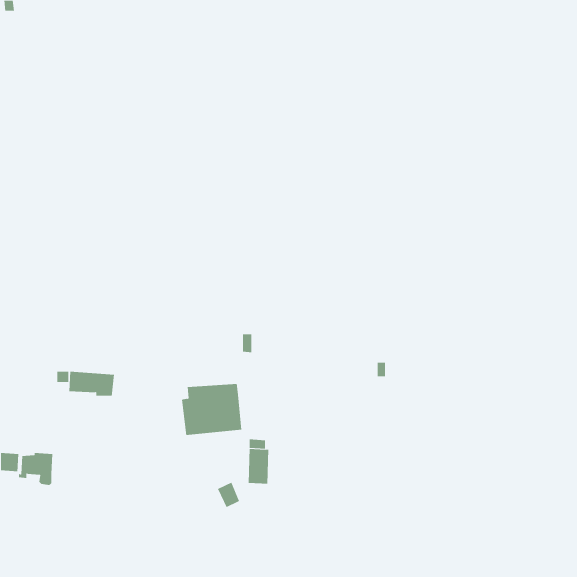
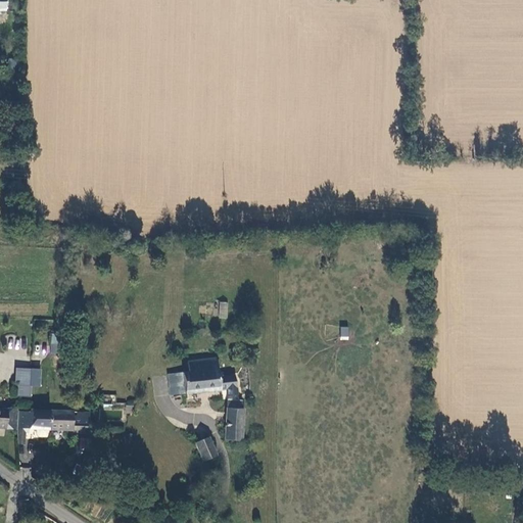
building: [69,371,115,396] -> [48,411,90,433]
building: none -> [16,371,33,399]

